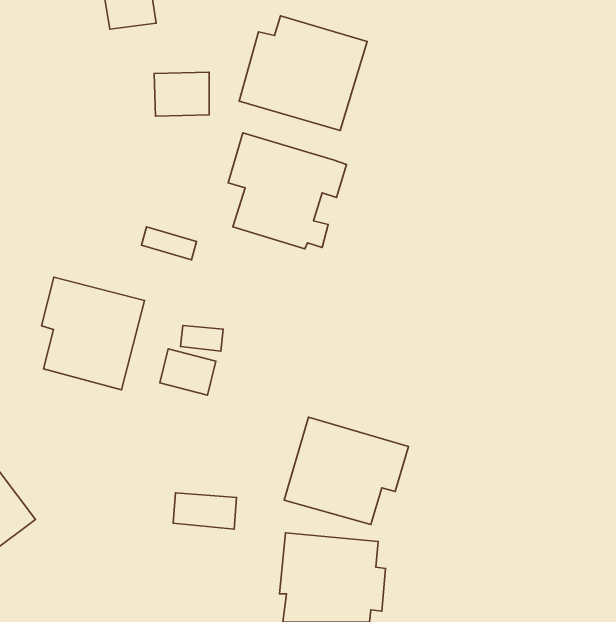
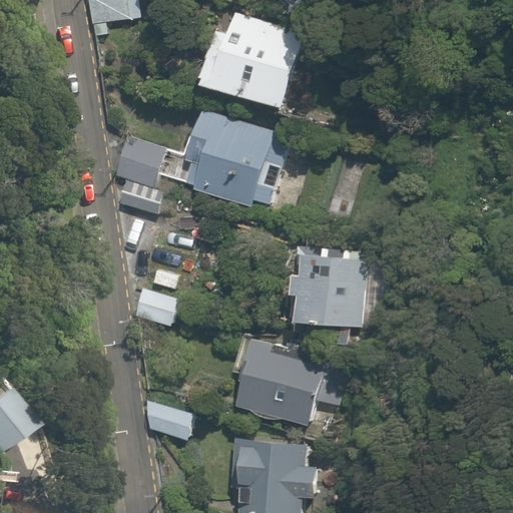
building: [154,72,209,116] -> [121,139,166,175]
building: [41,277,144,390] -> none
building: none -> [288,240,387,326]

